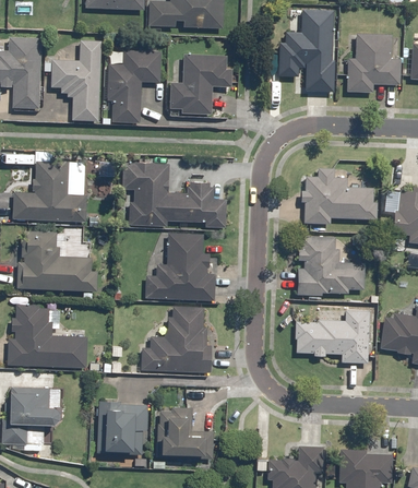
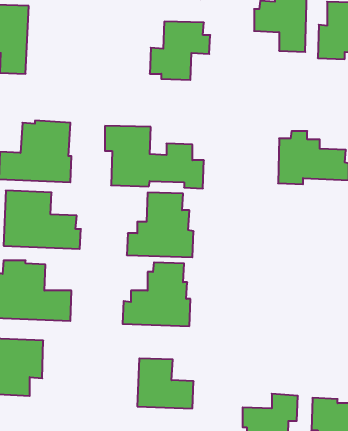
building: [50,40,101,121] -> none
building: [104,50,162,123] -> none
building: [296,237,365,296] -> none
building: [295,310,370,364] -> none
building: [95,402,148,455] -> none

